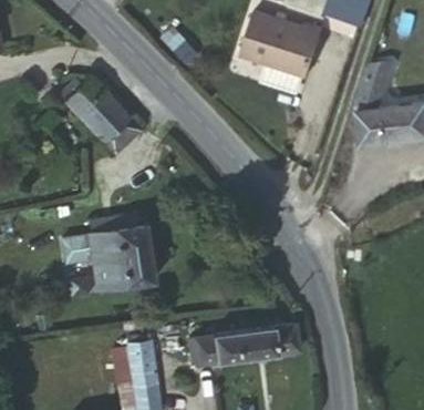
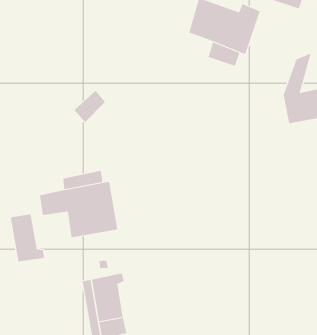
building: [68,76,127,136] -> none
building: none -> [10,214,44,262]
building: [199,318,301,365] -> none

